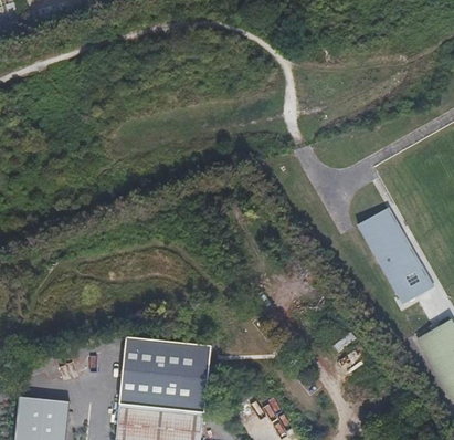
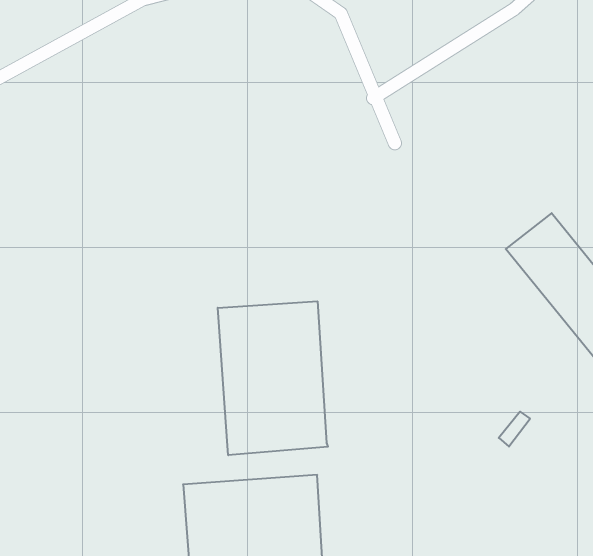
building: none -> [218,301,328,455]

